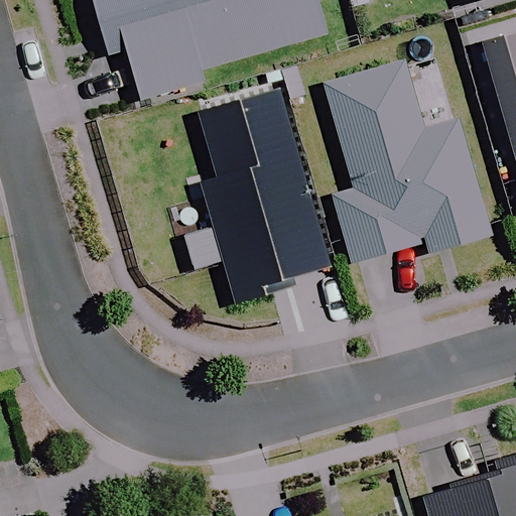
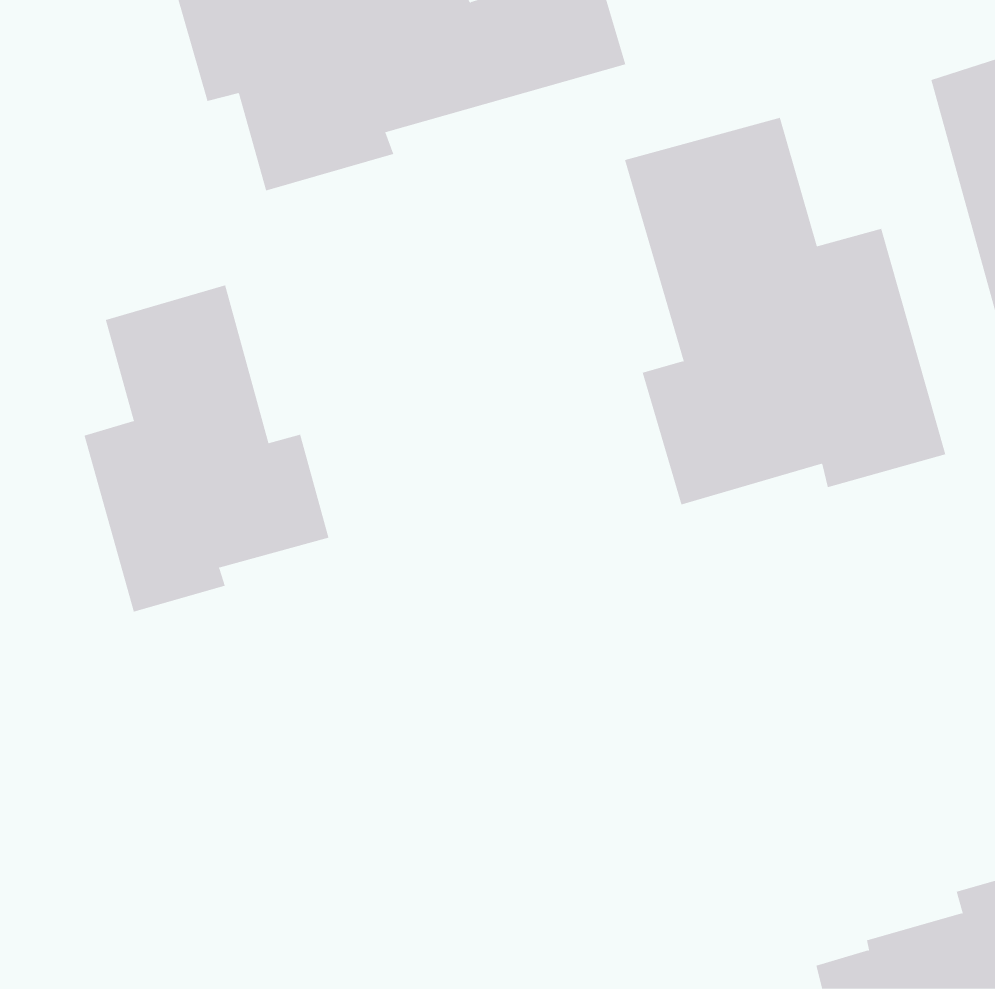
building: [197,87,329,301] -> none
building: none -> [84,284,329,613]

